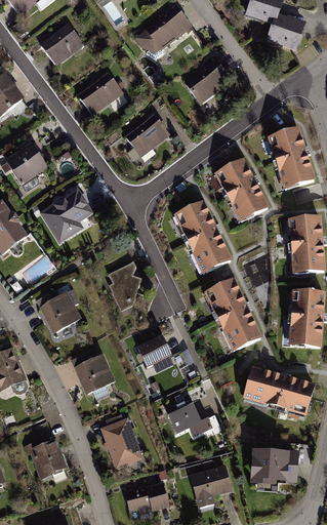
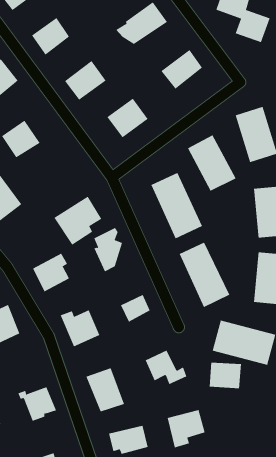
building: [39,188,93,243] -> [53,196,102,245]
building: [257,450,294,480] -> [209,362,242,389]

